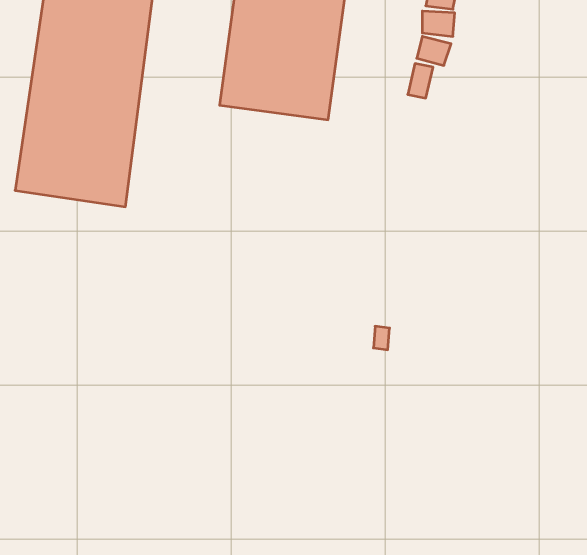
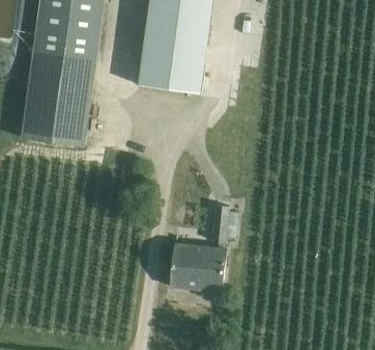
building: none -> [167,204,226,292]

